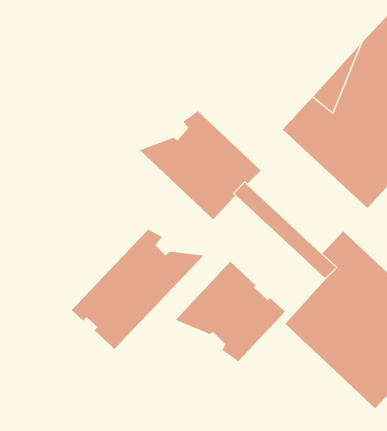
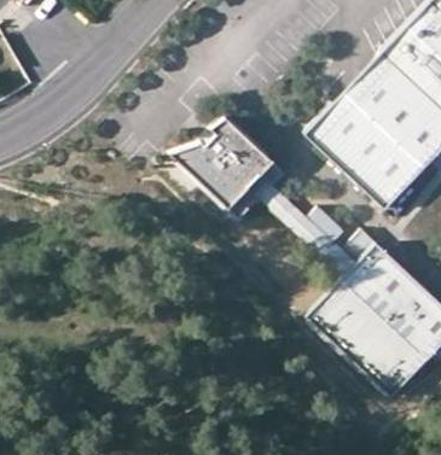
building: [71,229,204,350] -> none
building: [175,261,286,362] -> none

